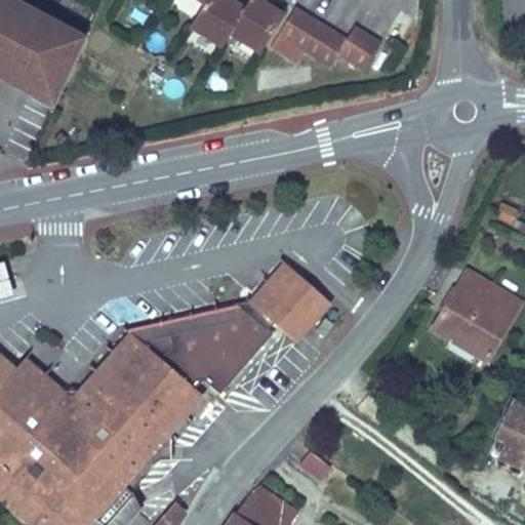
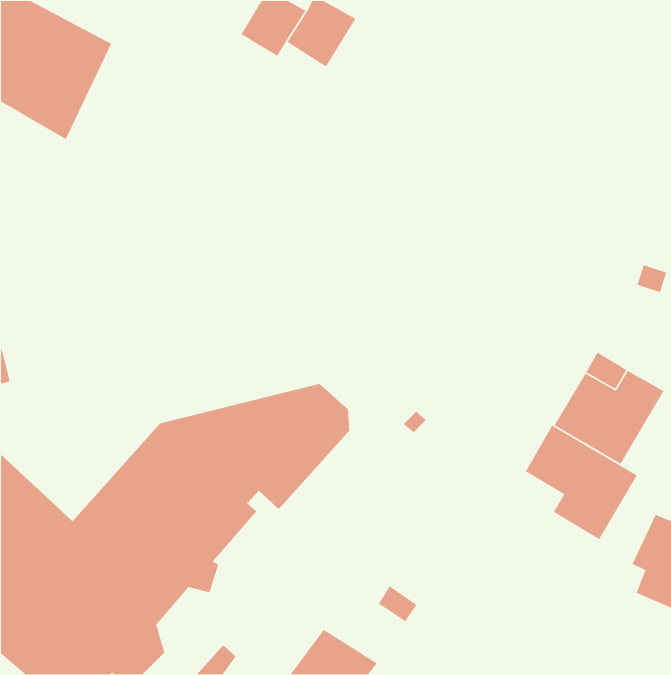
building: [269,6,381,71] -> none
building: [251,261,327,336] -> none
building: none -> [525,424,638,540]

